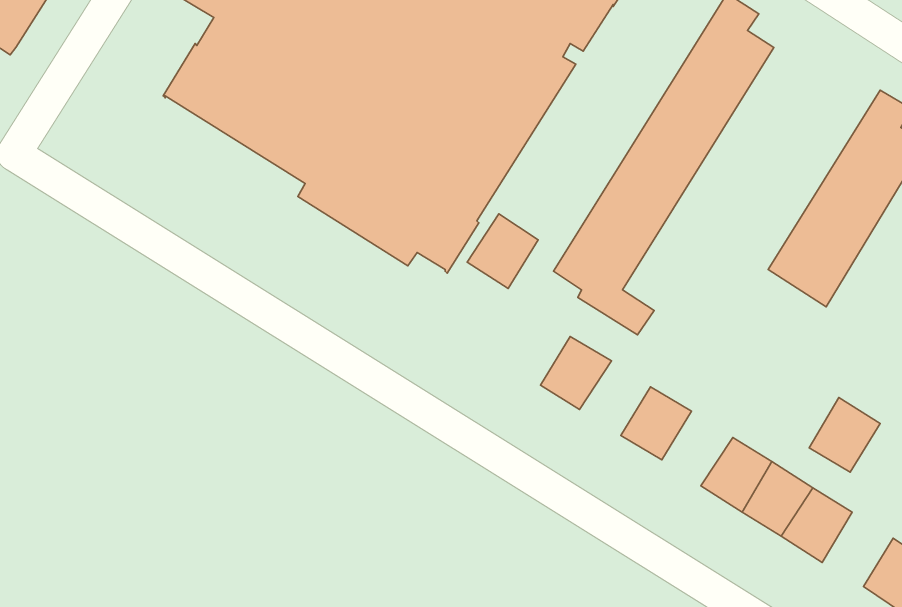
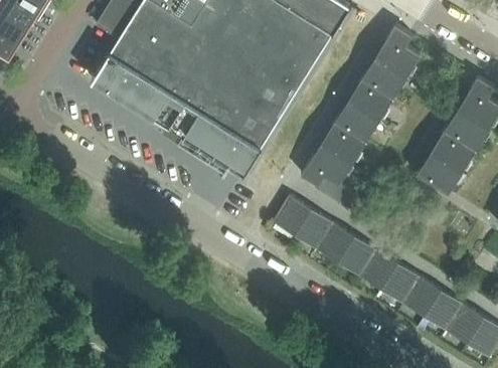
building: [467,214,538,288] -> [273,196,311,236]
building: none -> [316,223,354,263]
building: [809,397,880,472] -> [447,305,485,345]
building: none -> [360,250,398,291]

